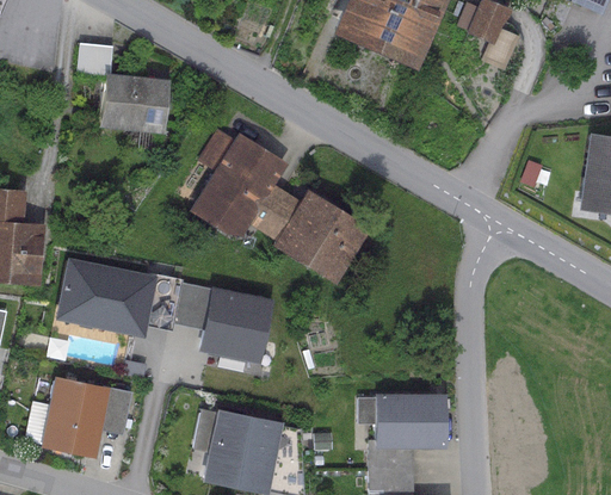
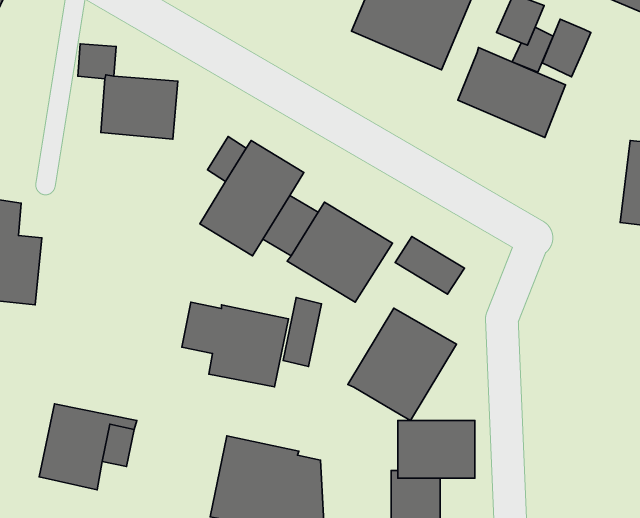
building: none -> [542,19,591,77]
building: none -> [458,48,565,137]
building: none -> [395,236,464,294]
building: [54,258,184,339] -> none
building: none -> [283,298,321,366]
building: none -> [348,308,456,420]

